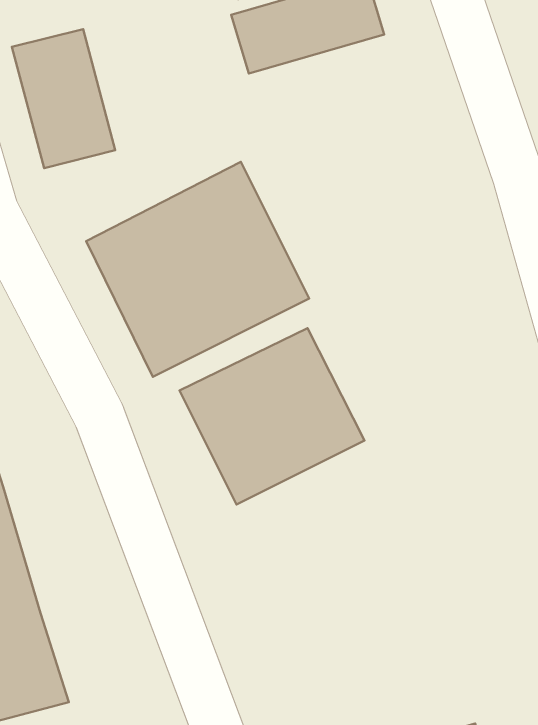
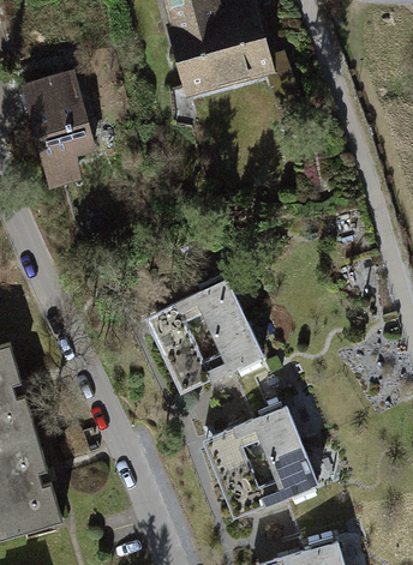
building: [86,162,309,377] -> none
building: none -> [193,398,317,517]

